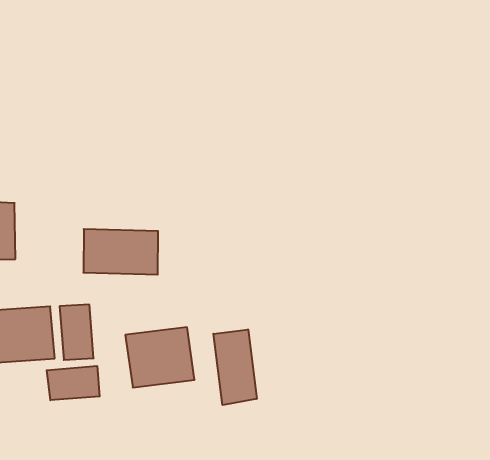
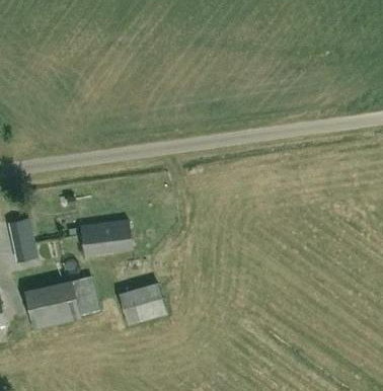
building: [213,329,257,405] -> none
building: [47,366,100,400] -> none

